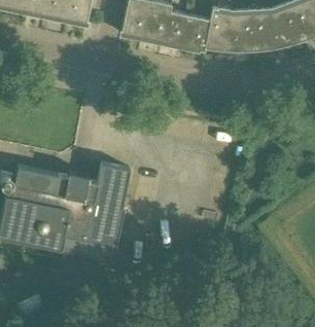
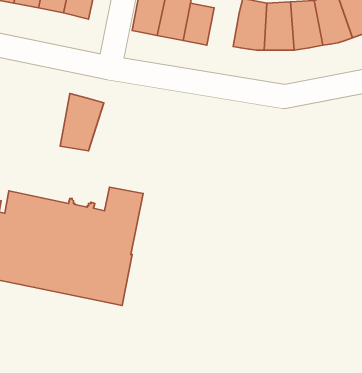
building: [183,15,210,50] -> none
building: none -> [60,93,104,151]

